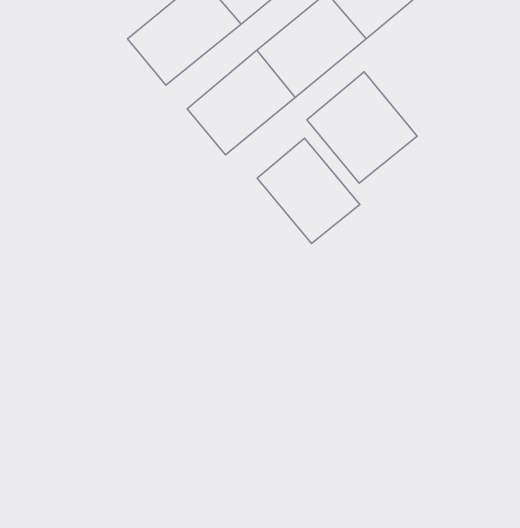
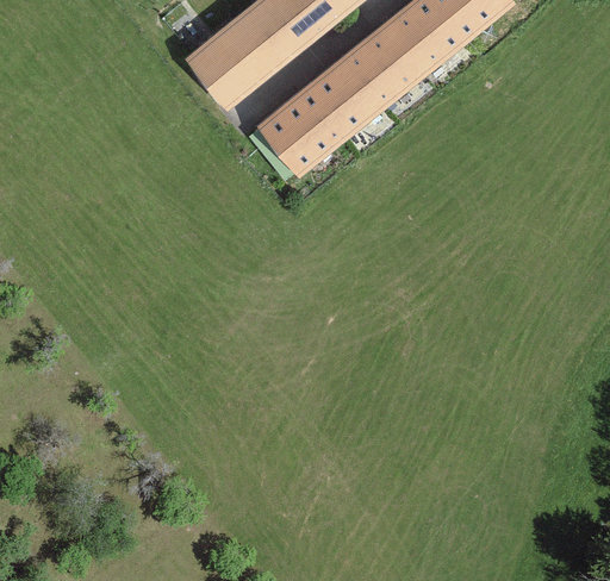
building: [307,72,417,183] -> none
building: [257,138,360,243] -> none

